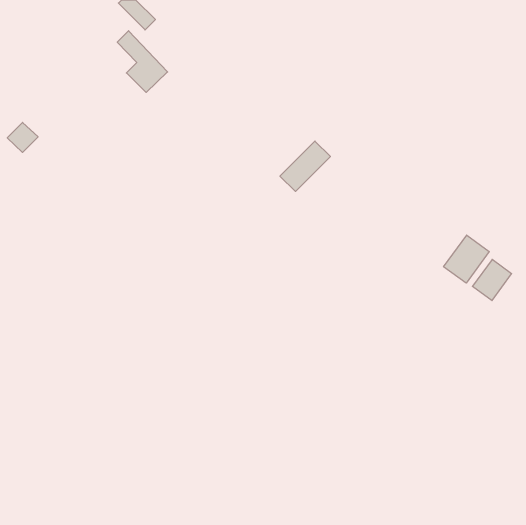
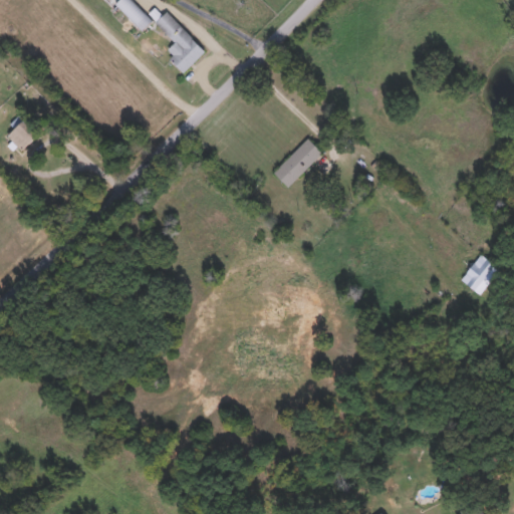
building: [117,31,168,92] -> [156,11,205,71]
building: [444,235,489,283] -> none

